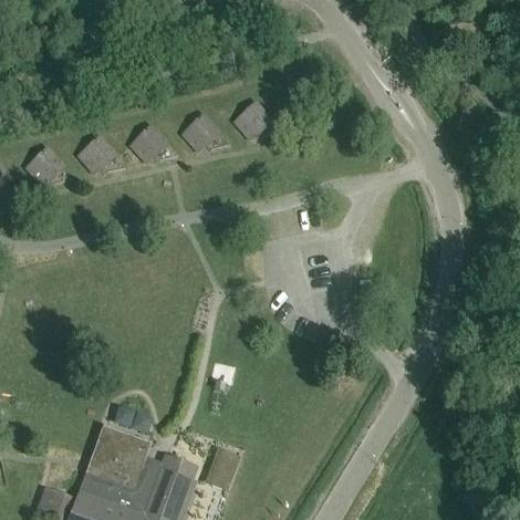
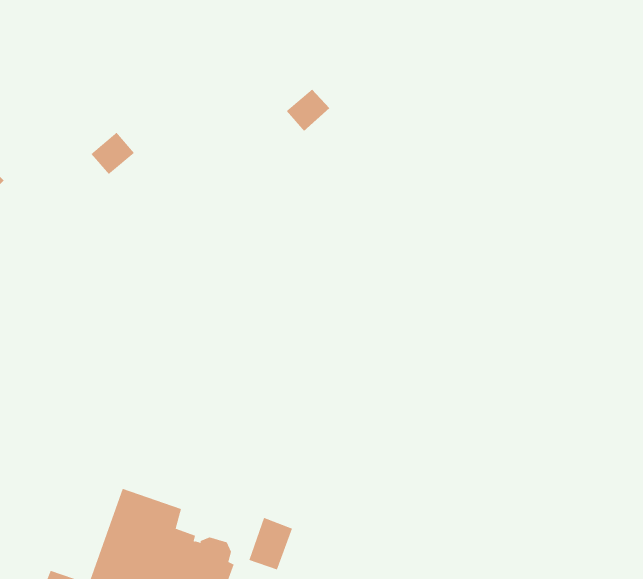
building: [183,116,218,152] -> none
building: [131,128,166,163] -> none
building: [27,150,62,186] -> none

